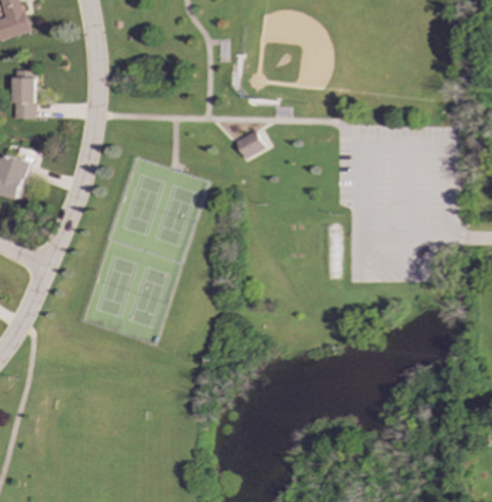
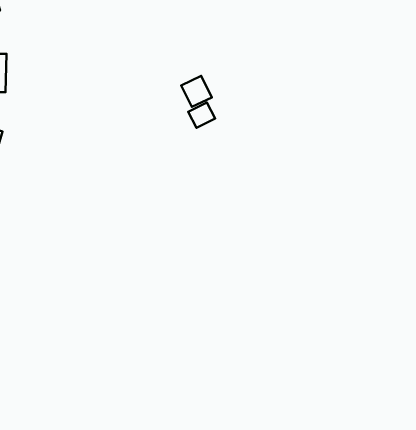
building: none -> [181,76,212,107]

